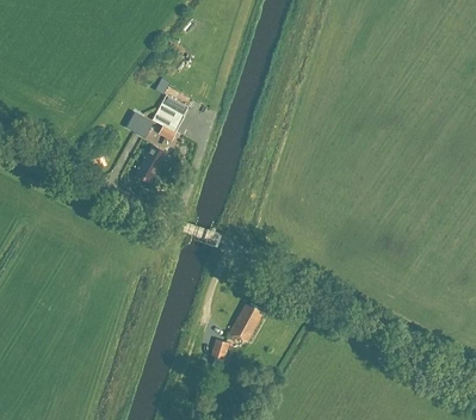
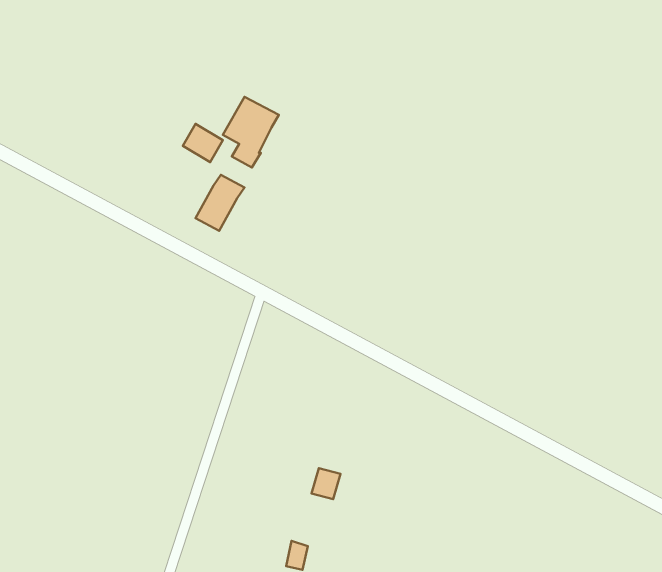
building: [228,303,261,341] -> none

